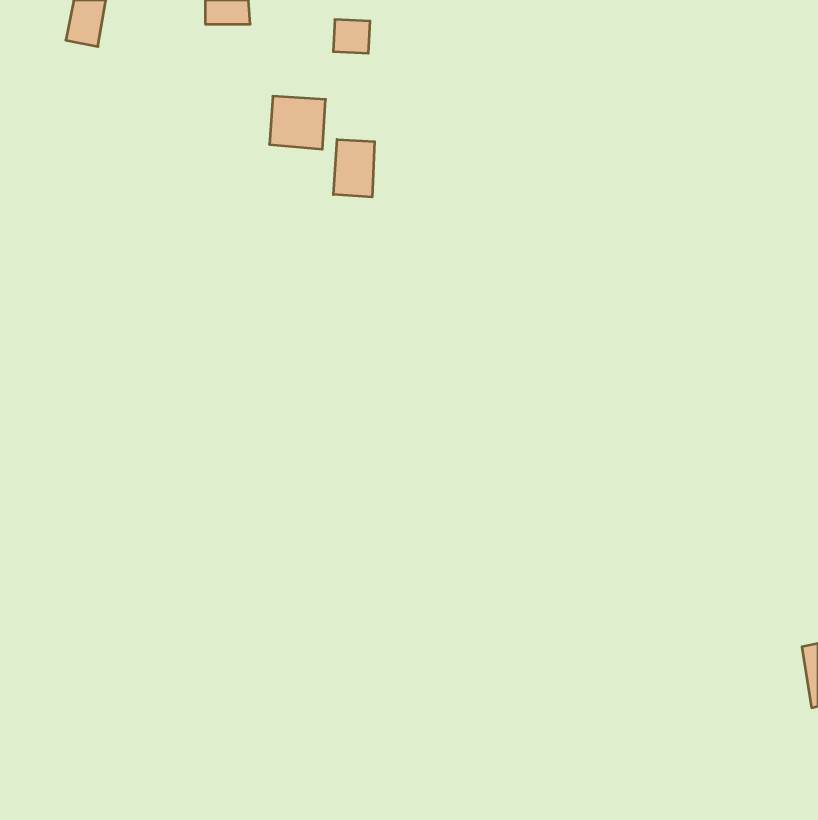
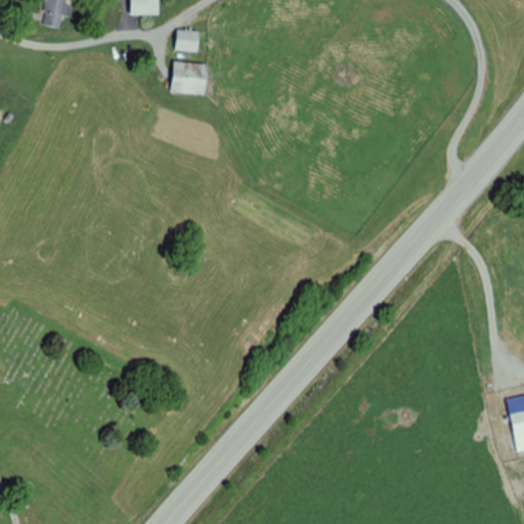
building: [333,20,370,53] -> [176,30,200,51]
building: [333,139,375,197] -> none

